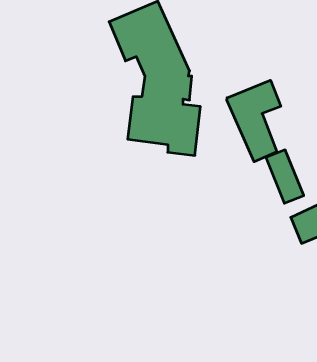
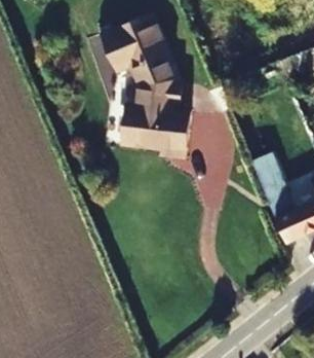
building: [227,80,281,162] -> none

